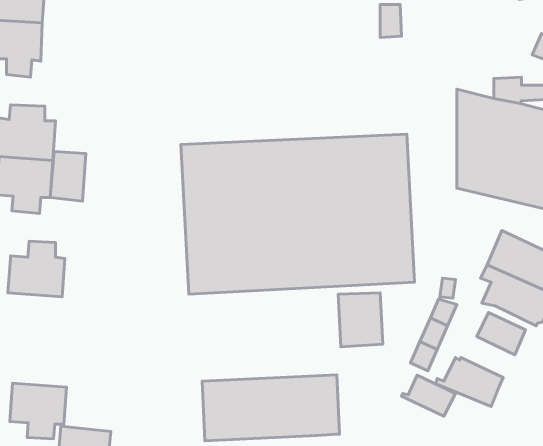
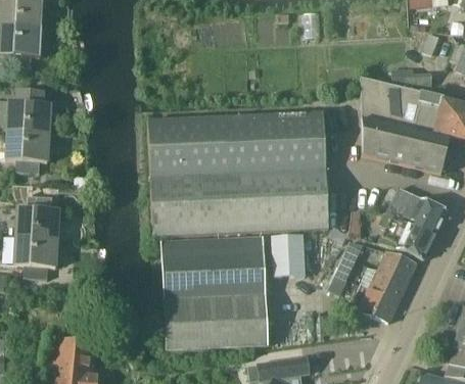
building: [50,152,86,201] -> none
building: none -> [161,236,269,303]
building: [401,375,456,416] -> [365,269,407,300]
building: [10,383,67,439] -> [12,235,56,278]

